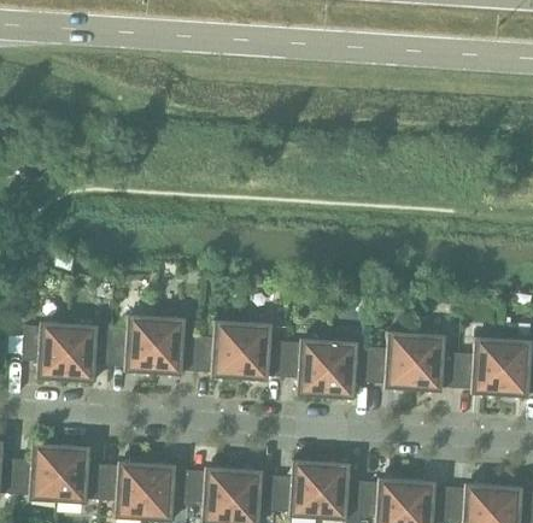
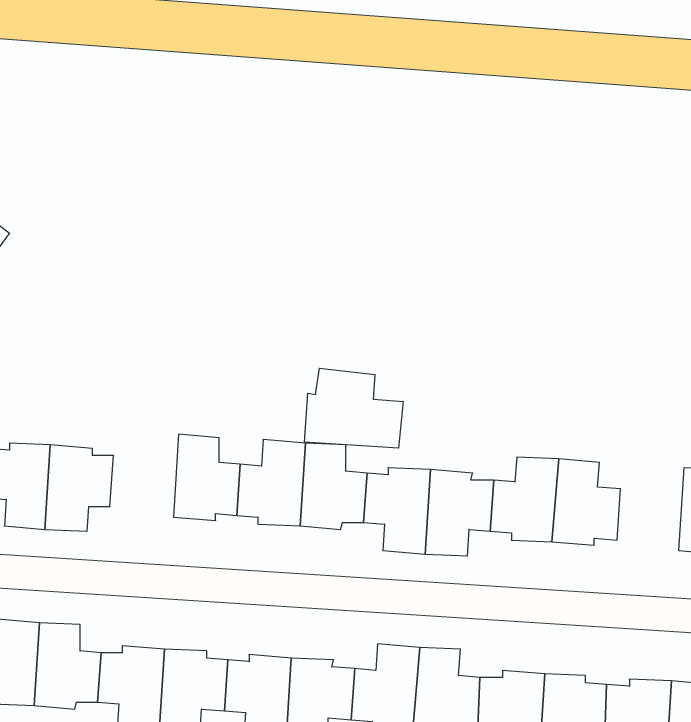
building: none -> [305,368,403,448]
building: [111,315,158,372] -> none
building: [458,336,504,395] -> none

